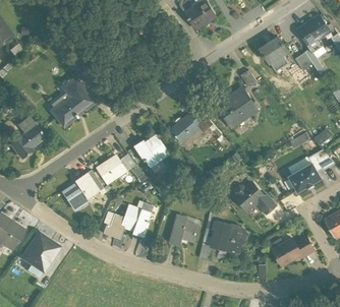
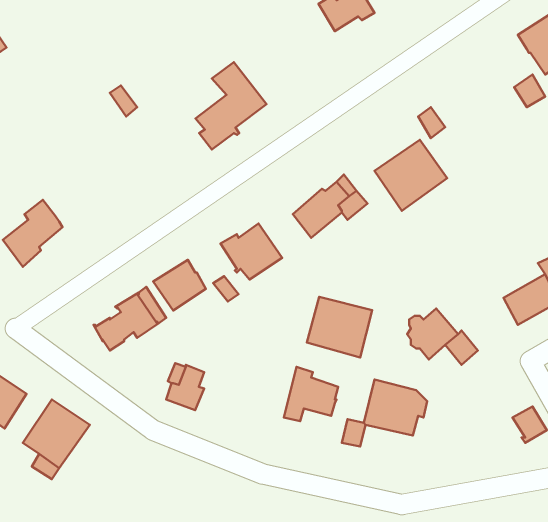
building: [263,37,290,70] -> none
building: [53,77,93,126] -> [196,62,266,149]
building: none -> [307,297,372,357]
building: [120,205,148,236] -> none
building: [275,239,303,265] -> none

